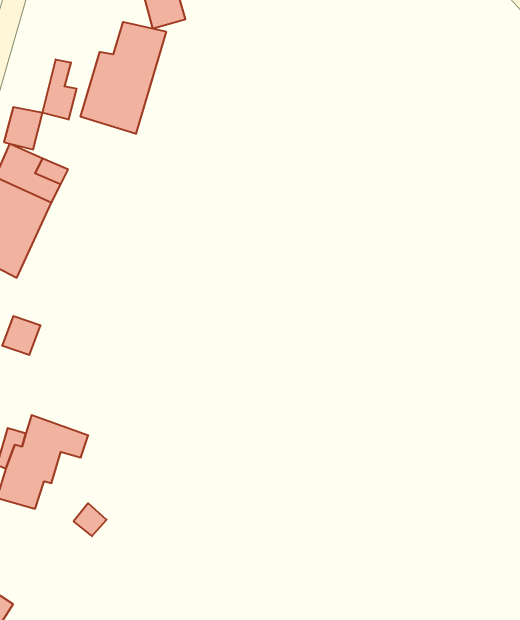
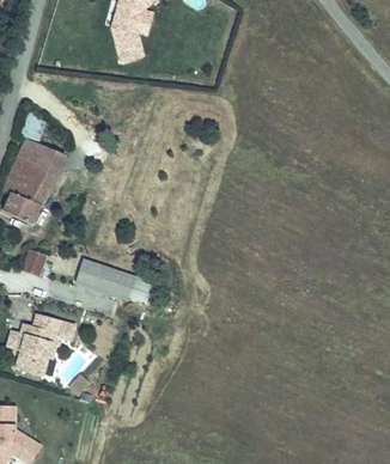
building: [81,22,166,134] -> none
building: [42,59,77,120] -> none
building: none -> [74,257,133,298]

